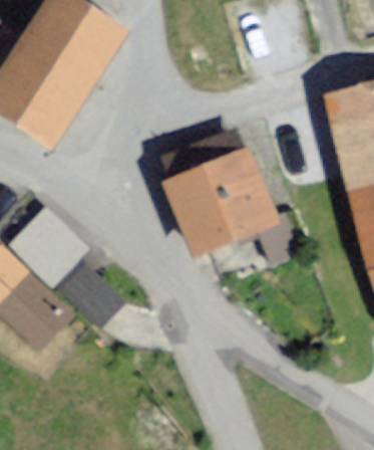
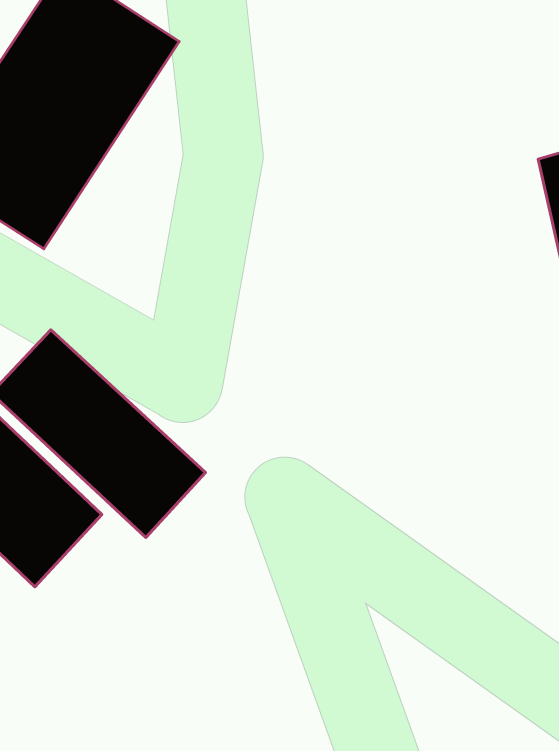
building: [165,149,276,257] -> none

